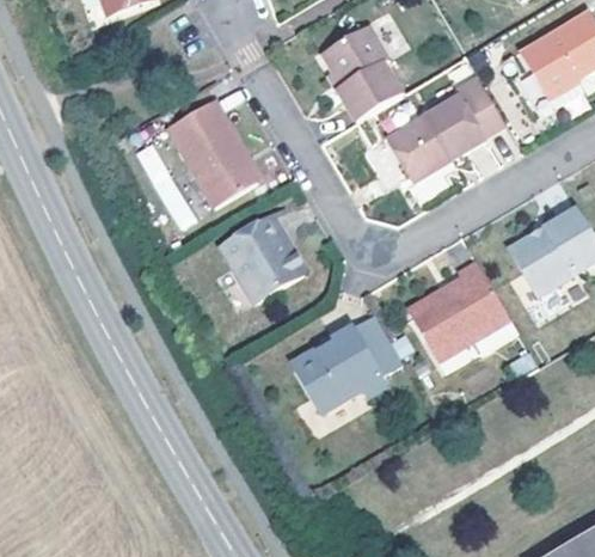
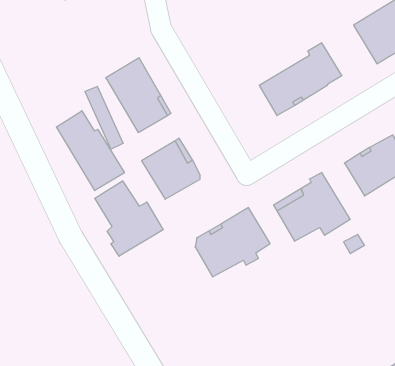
building: [321,24,401,121] -> none
building: none -> [56,111,124,191]
building: none -> [95,181,163,256]

